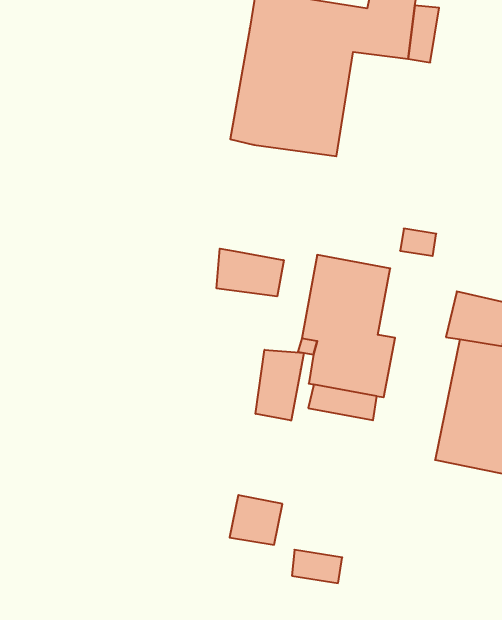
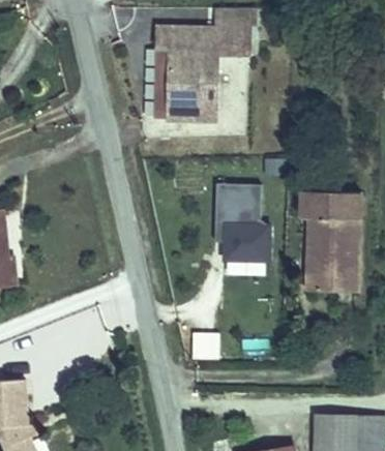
building: [217,249,284,296] -> none
building: [256,350,304,421] -> none

